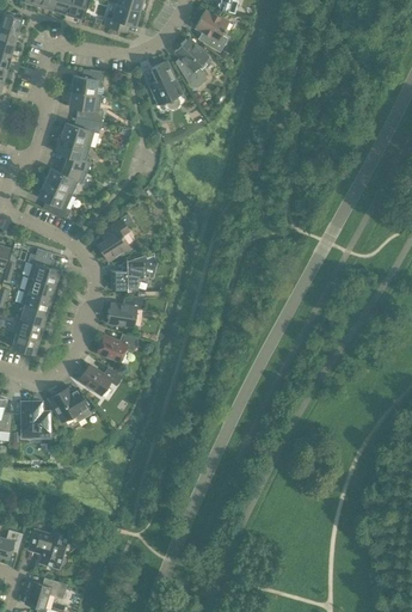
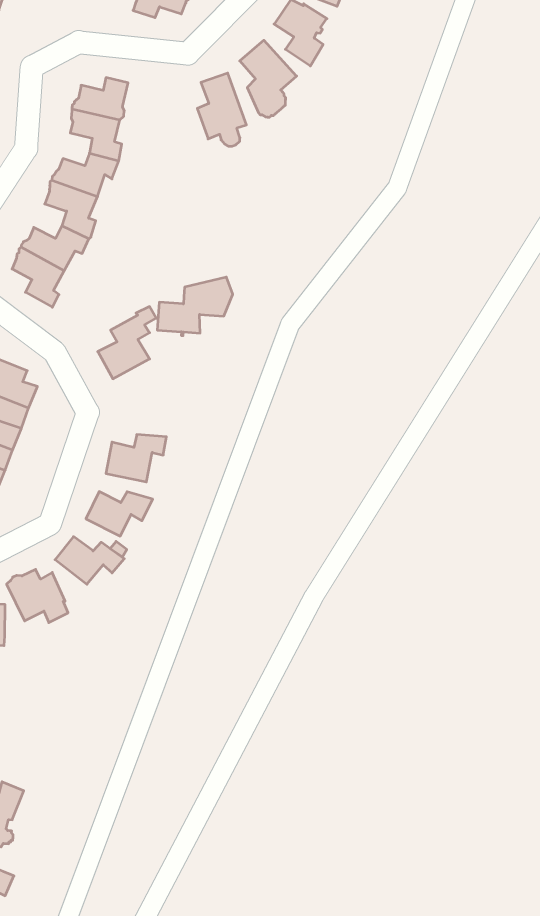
building: [111,252,158,292] -> [157,277,233,336]

